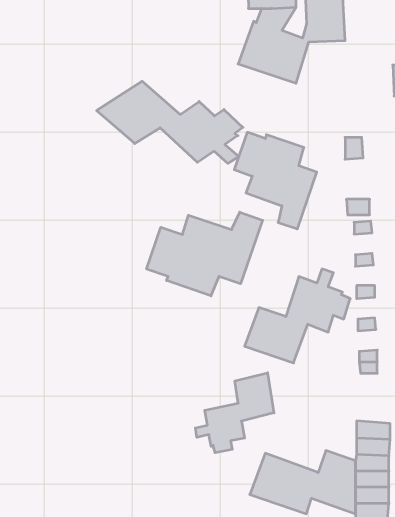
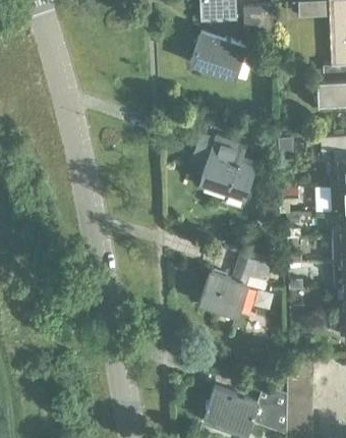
building: [97,81,243,163] -> none
building: [147,212,263,296] -> none
building: [195,373,274,453] -> none

